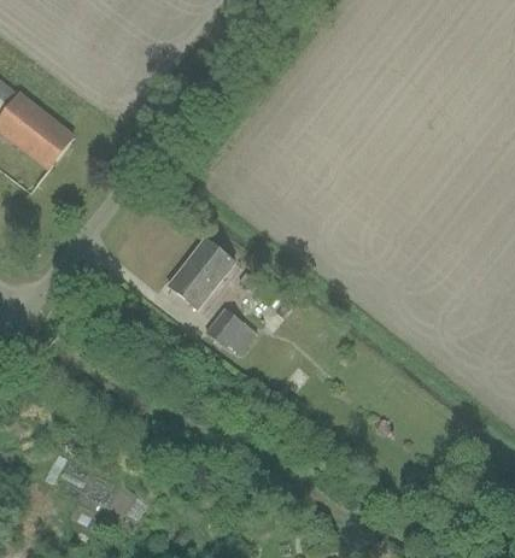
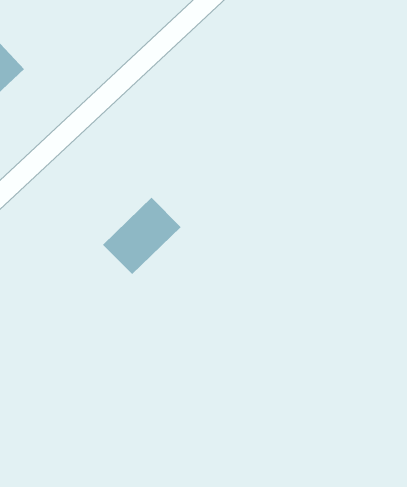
building: [205,307,258,358] -> none

